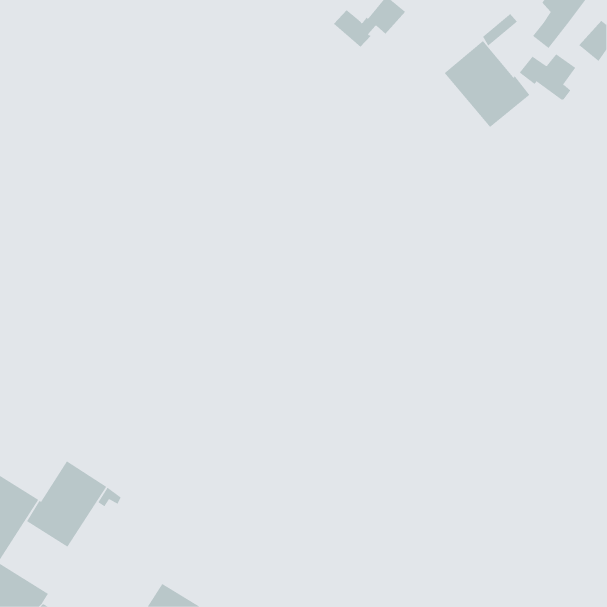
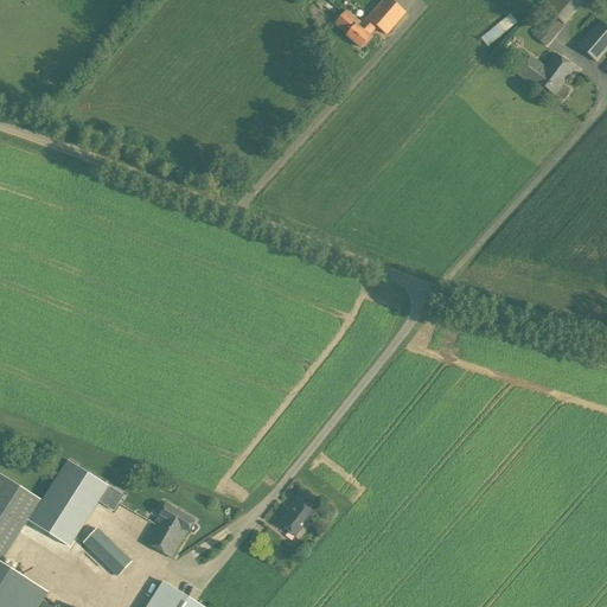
building: [444,40,530,128] -> none
building: none -> [279,499,314,536]
building: none -> [143,504,192,557]
building: none -> [82,526,130,576]

